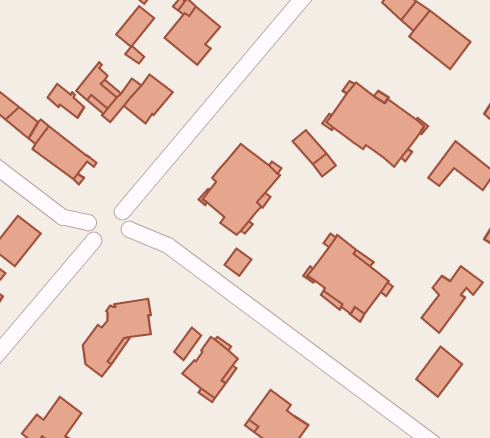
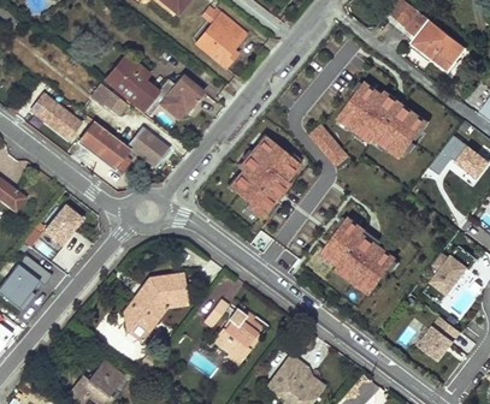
building: [116,6,154,47] -> [105,54,138,90]
building: none -> [126,127,169,167]

